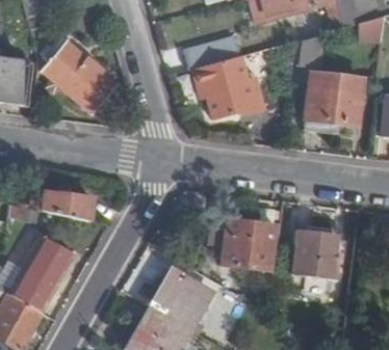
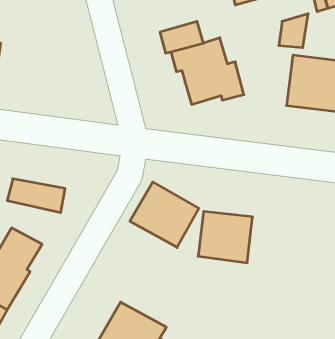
building: [43,39,116,111] -> none
building: [290,230,337,279] -> none
building: [148,268,213,330] -> [130,182,199,248]

